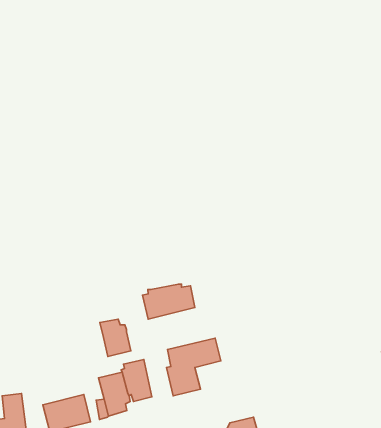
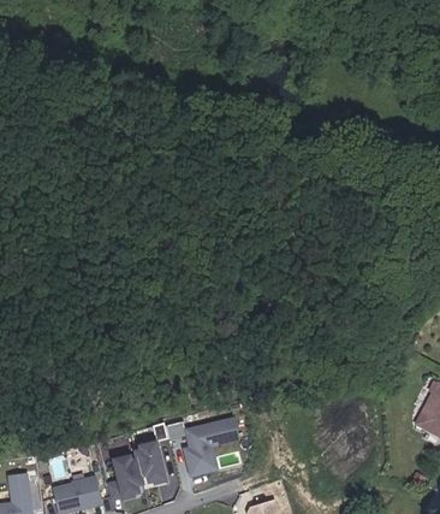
building: [143,284,195,319] -> none
building: [100,319,131,357] -> none

